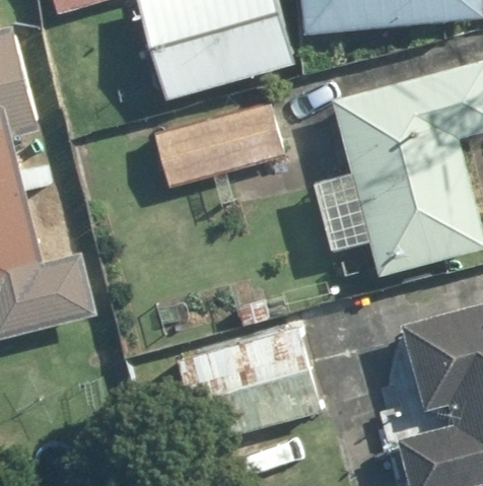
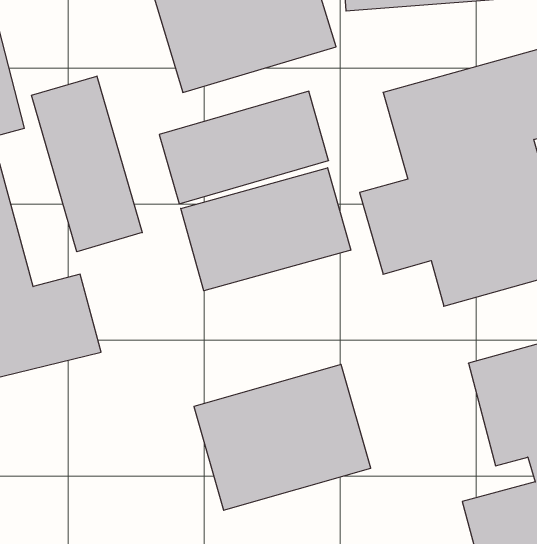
building: none -> [32,76,142,252]
building: none -> [181,168,351,291]

